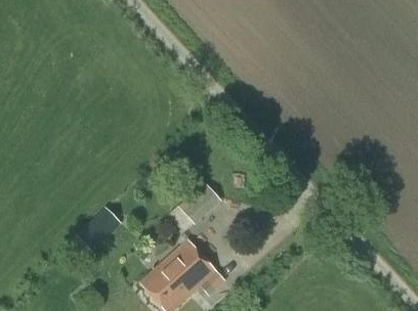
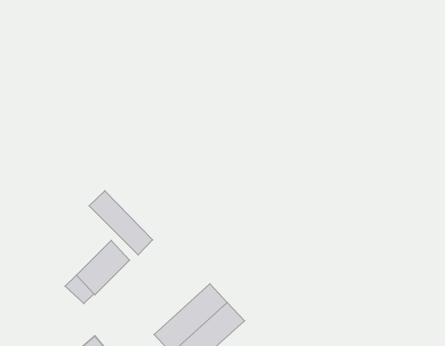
building: none -> [89,191,153,255]
building: [179,182,220,223] -> none

